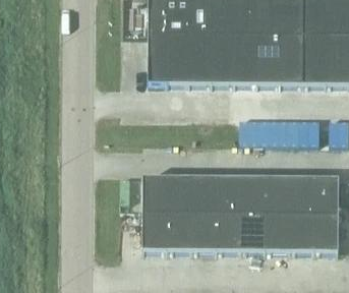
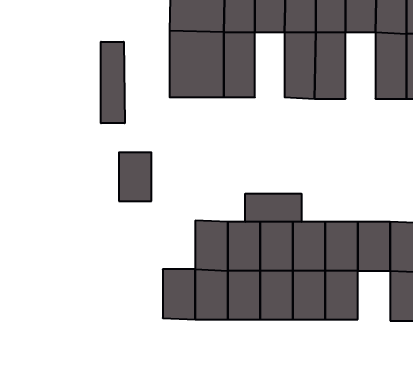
building: [213,34,235,82] -> none
building: [281,34,303,83] -> none
building: none -> [101,42,125,123]
building: none -> [245,194,301,222]
building: [143,175,168,212] -> [119,152,151,201]
building: [290,213,314,250] -> none

